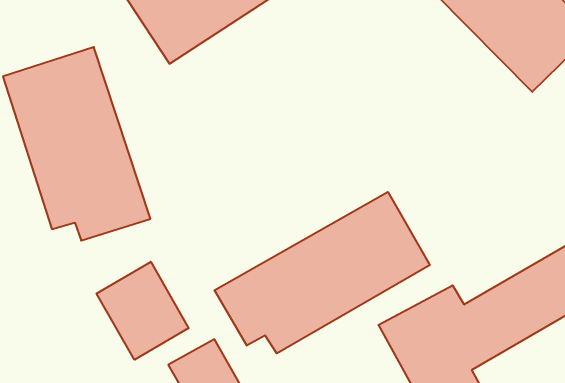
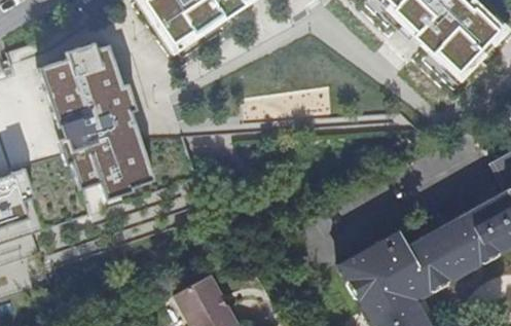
building: [214,192,430,353] -> none
building: [97,262,189,360] -> none

